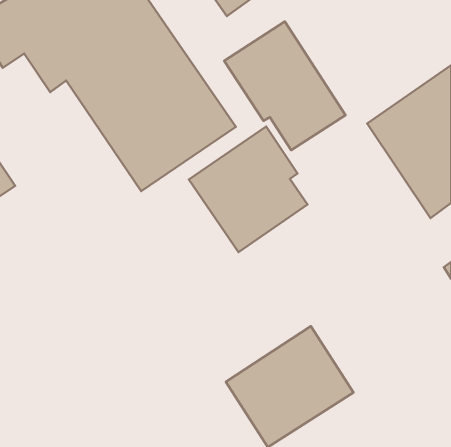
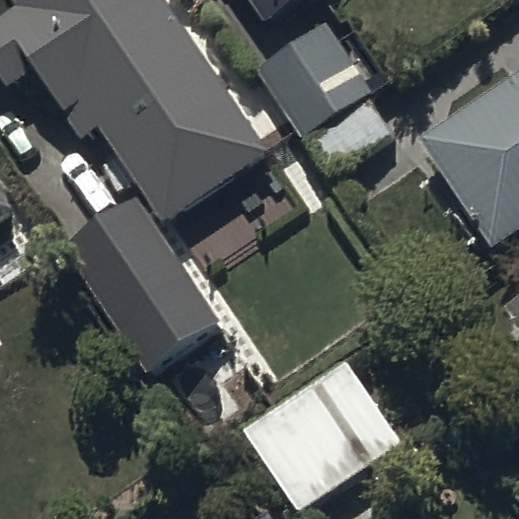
building: [189,127,307,252] -> none
building: none -> [64,200,220,371]

